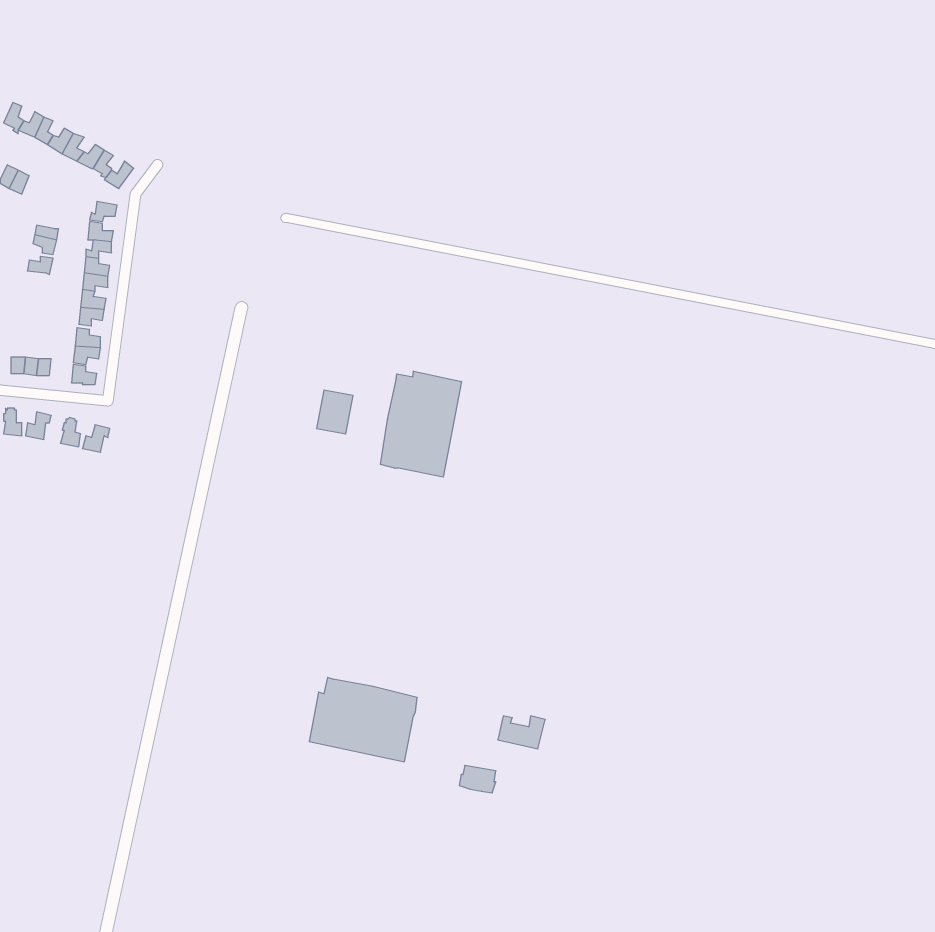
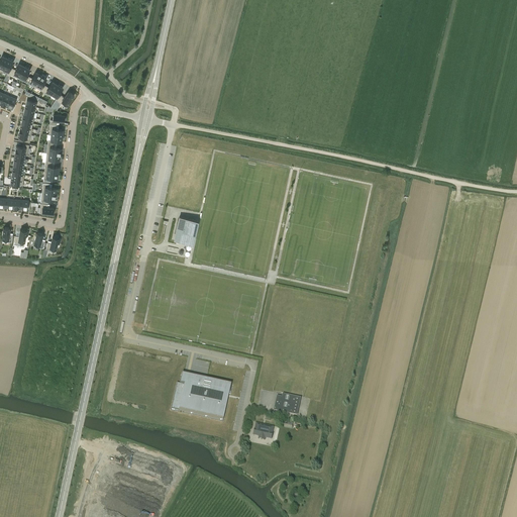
building: [381,371,461,477] -> none

